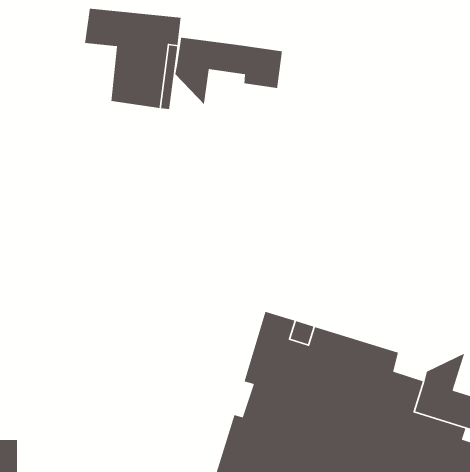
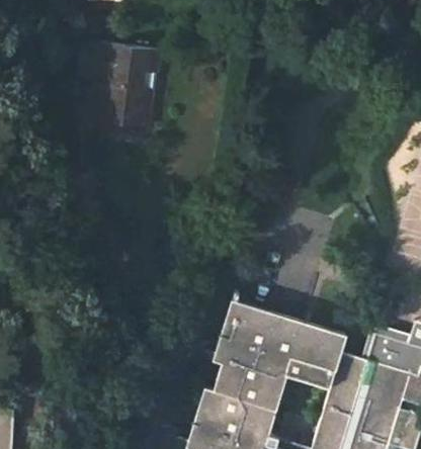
building: [174,37,283,105] -> none

